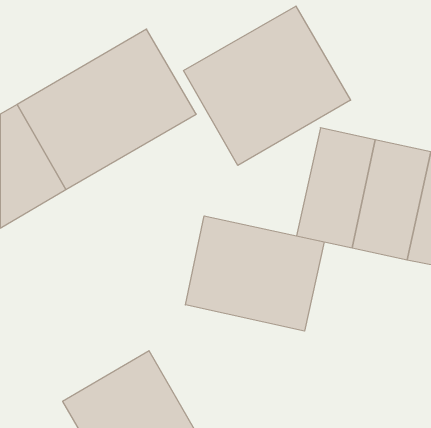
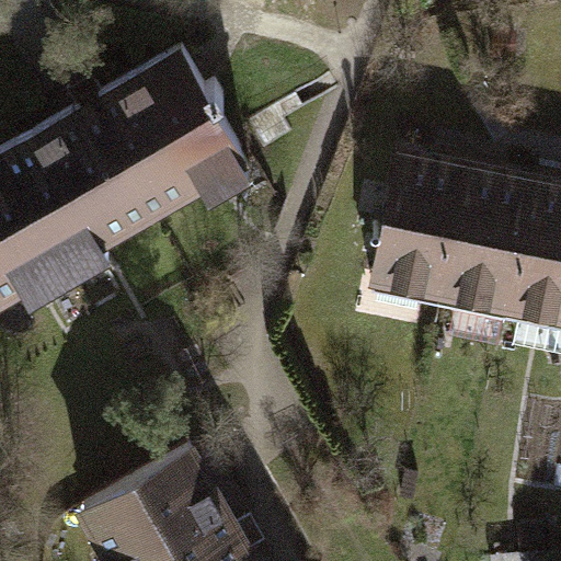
building: [184,6,351,165] -> none
building: [185,216,324,331] -> none

